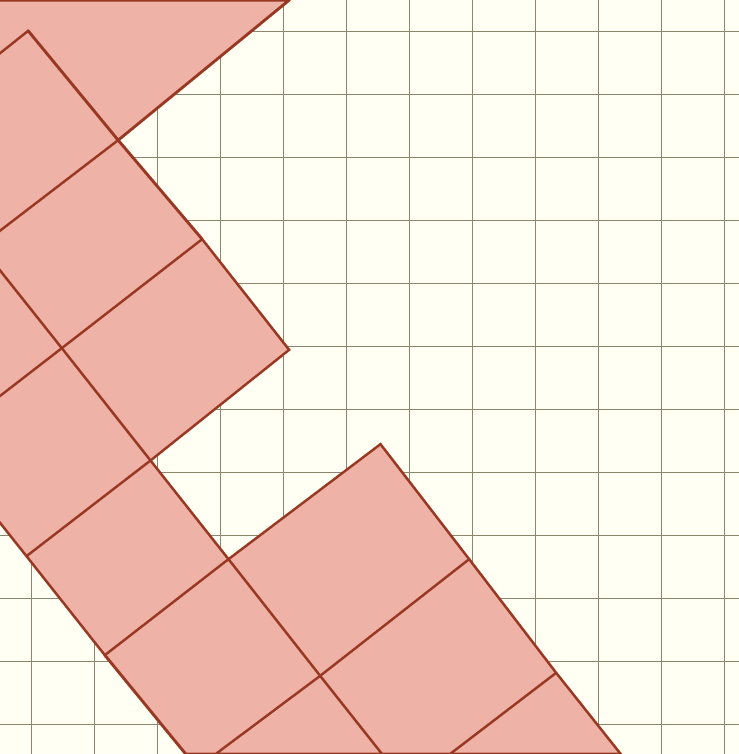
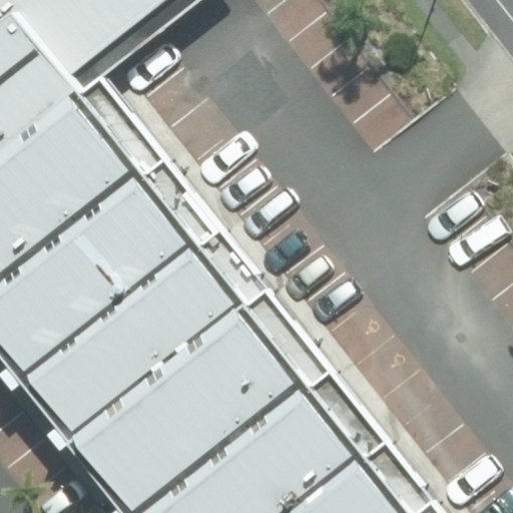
building: none -> [102,237,250,380]

